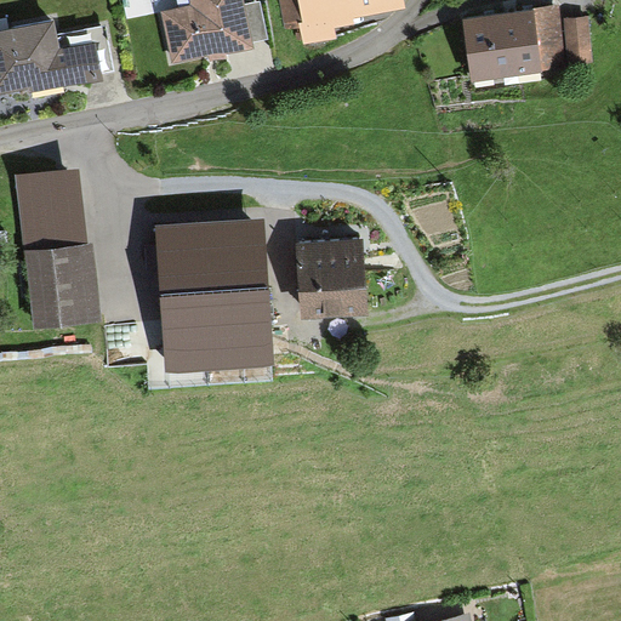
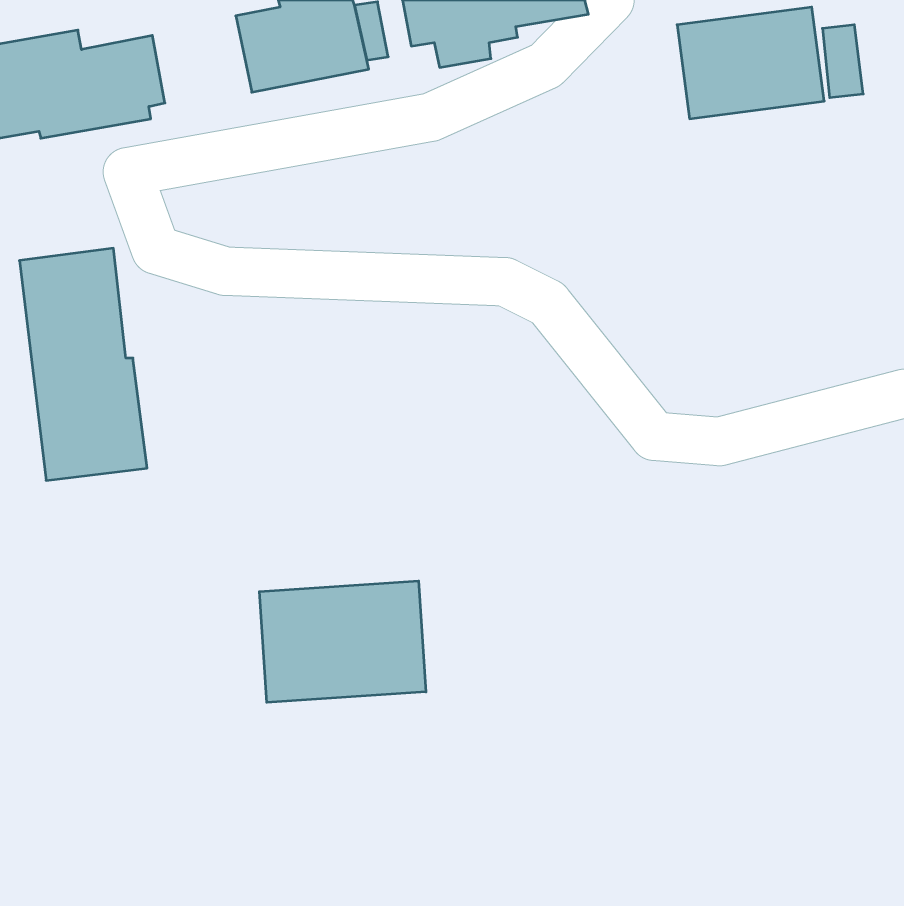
building: [158,218,270,370] -> none
building: [296,237,366,318] -> none
building: none -> [259,581,426,702]

